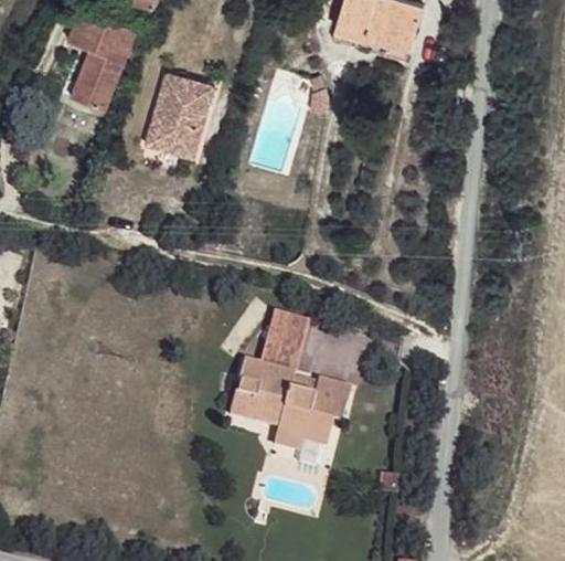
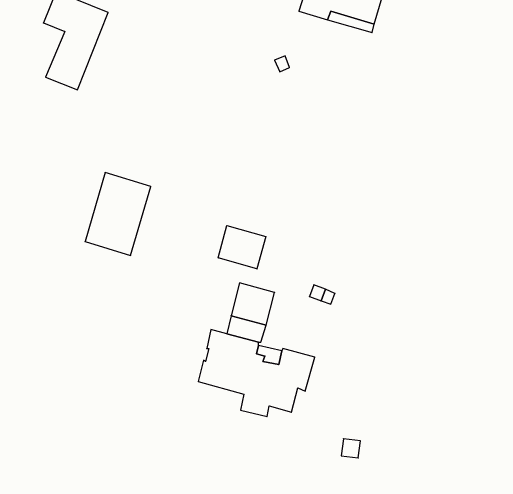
building: [146,72,214,158] -> [85,173,151,255]
building: none -> [218,226,266,269]

